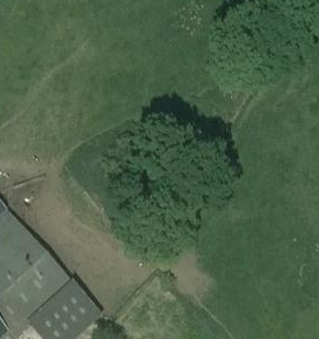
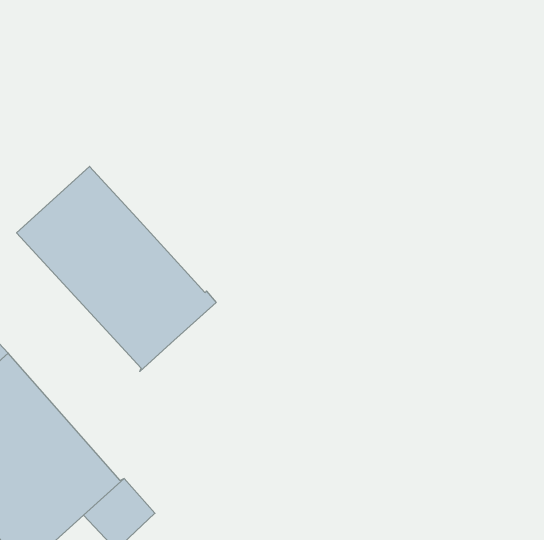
building: none -> [17,166,216,371]

